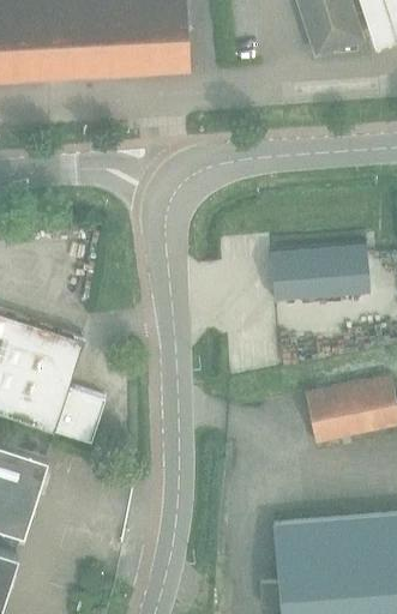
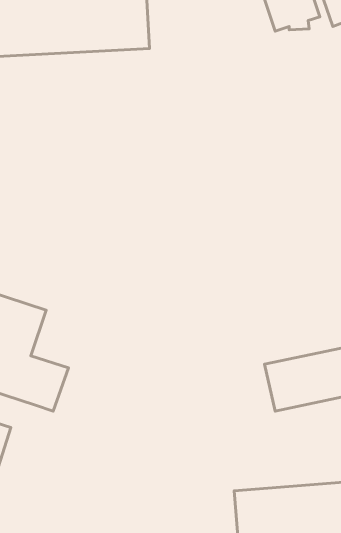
building: [271,246,371,301] -> none

